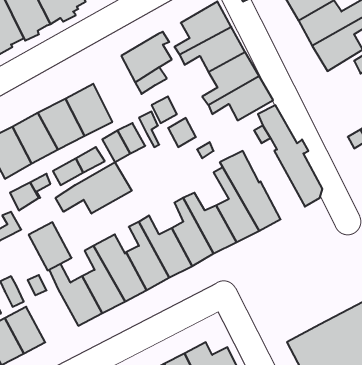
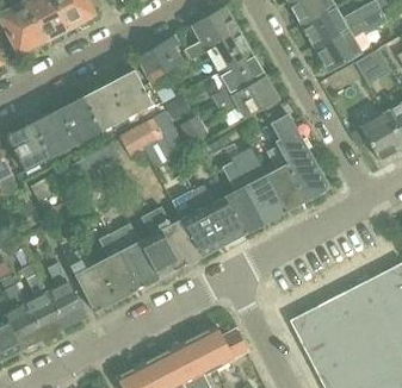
building: none -> [110,69,154,119]
building: none -> [267,146,309,211]
building: [56,162,132,214] -> none
building: [29,222,72,270] -> [47,281,87,326]

